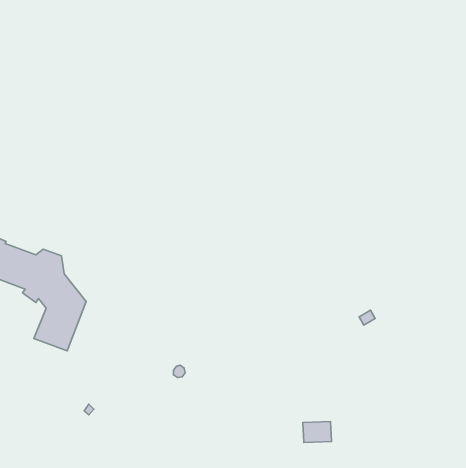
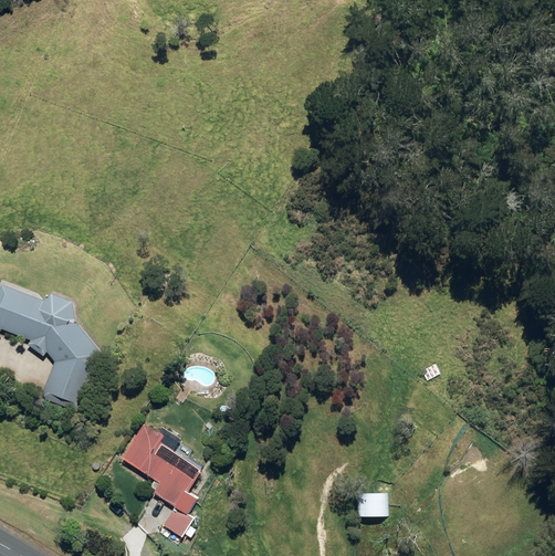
building: none -> [122,422,202,536]

